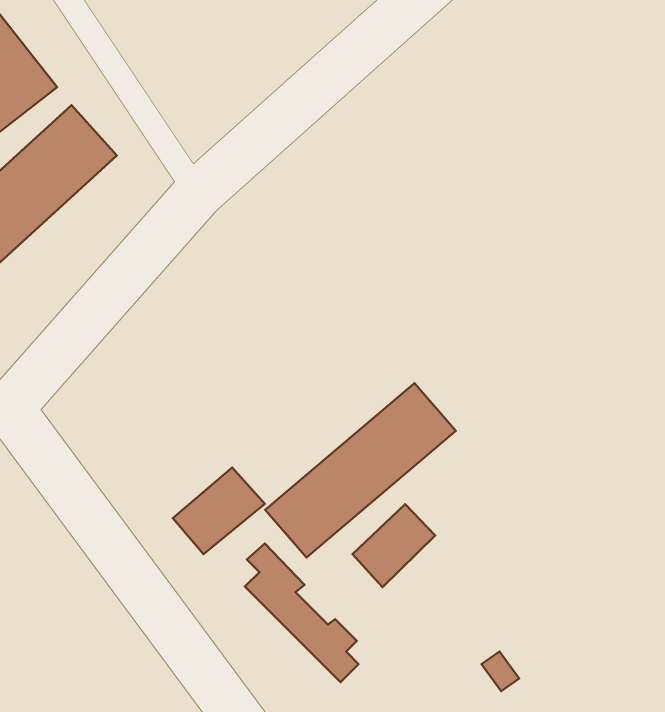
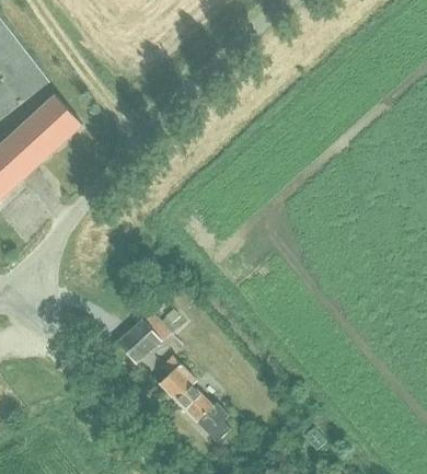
building: [265,383,456,557] -> none
building: [353,504,435,587] -> none

